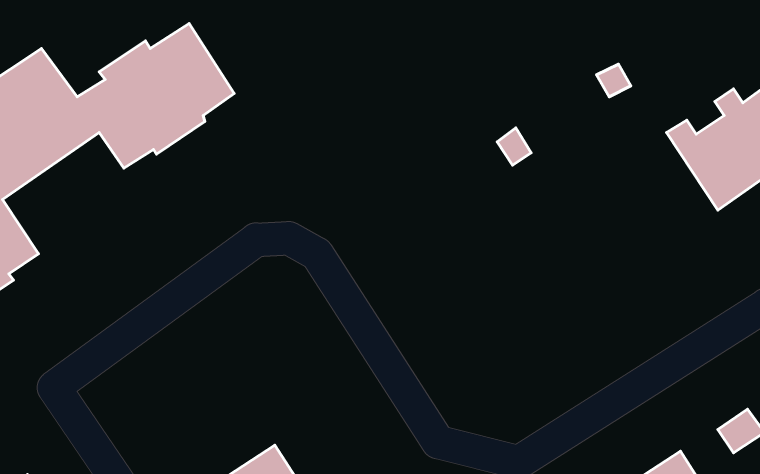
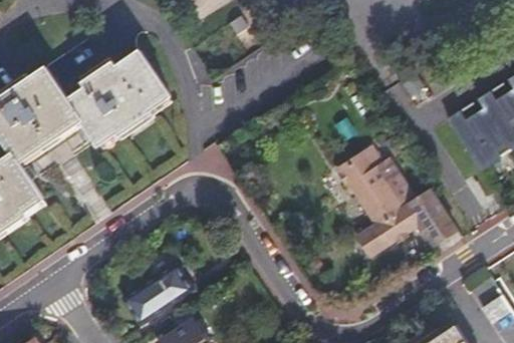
building: none -> [332,137,456,254]
building: none -> [123,265,194,326]

